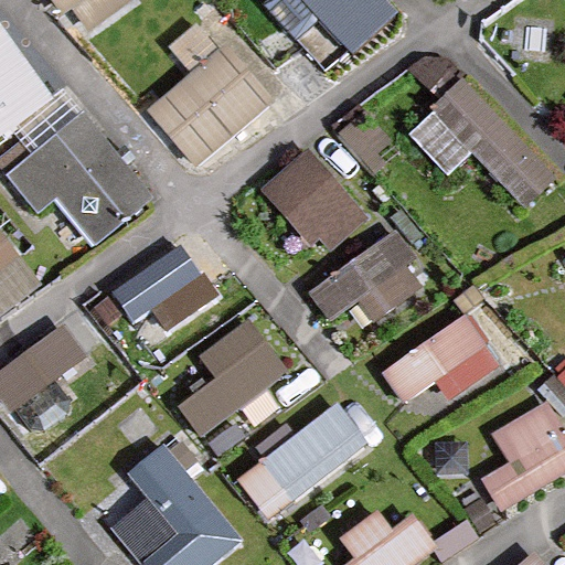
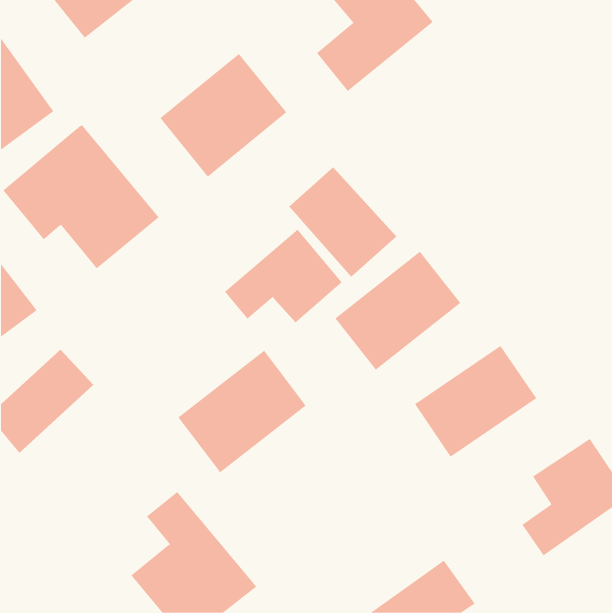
building: [411,83,559,212] -> none
building: [107,242,215,328] -> [224,229,343,323]
building: [242,403,371,523] -> none

